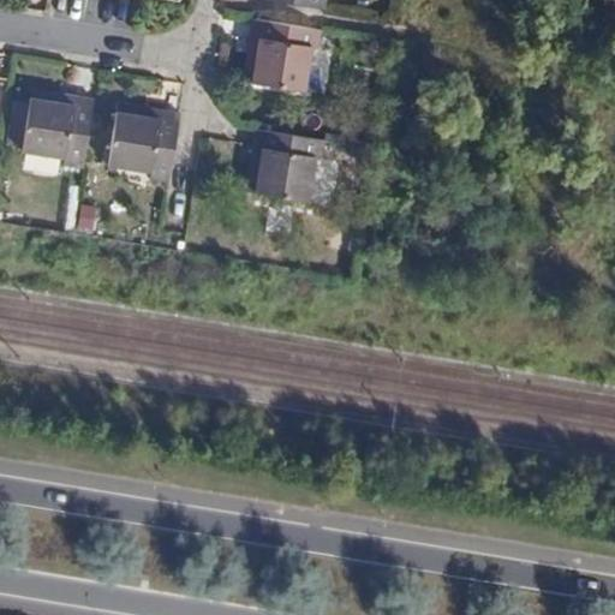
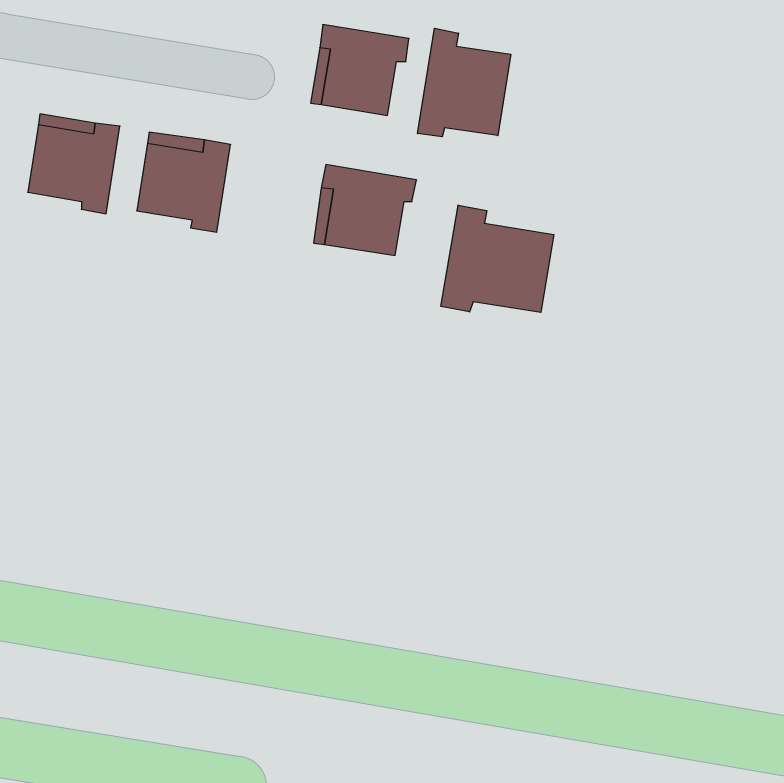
building: none -> [418,28,511,137]
building: none -> [441,205,554,312]

